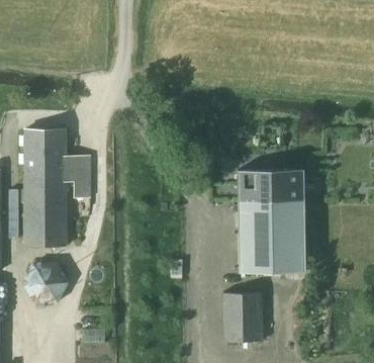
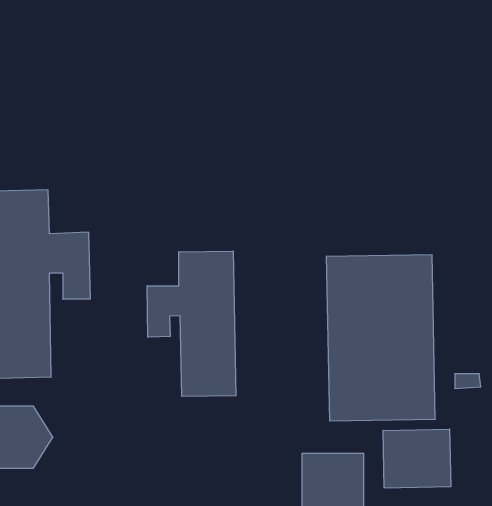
building: none -> [147,251,236,396]
building: none -> [383,429,451,488]

